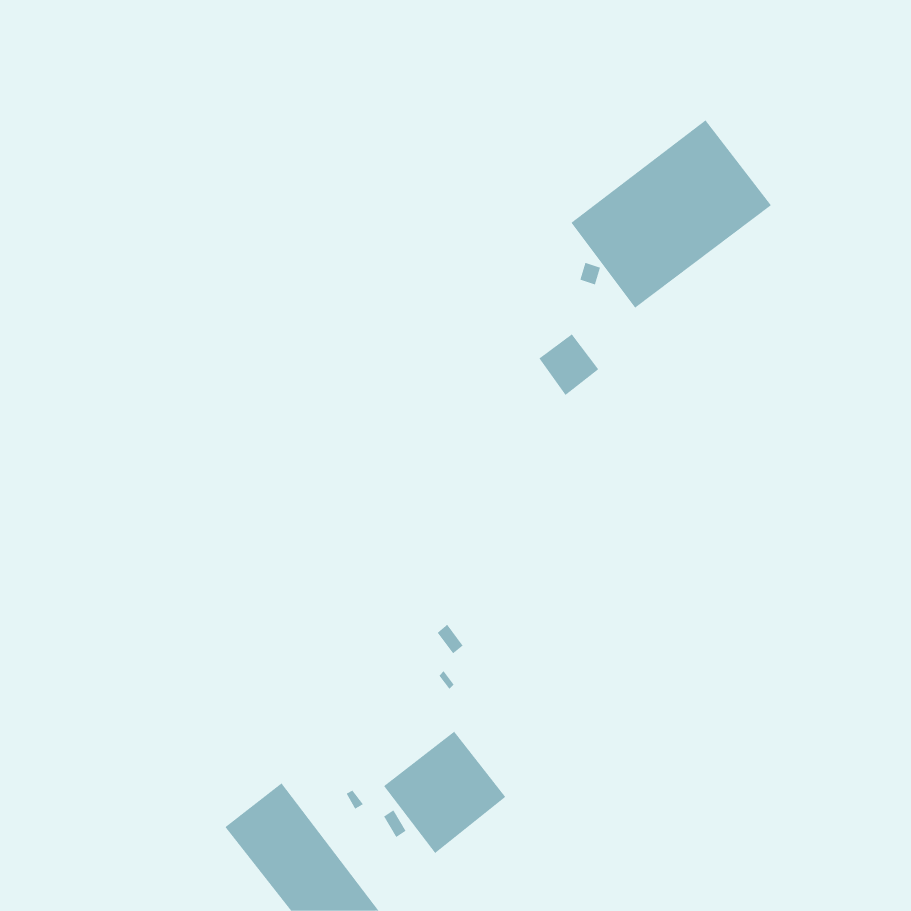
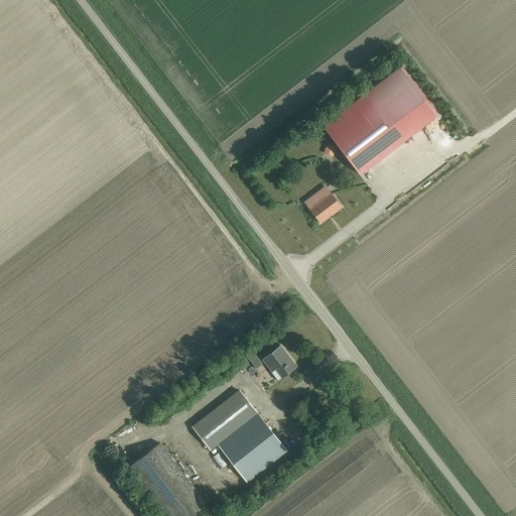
building: none -> [261,345,296,381]
building: none -> [191,390,257,450]

